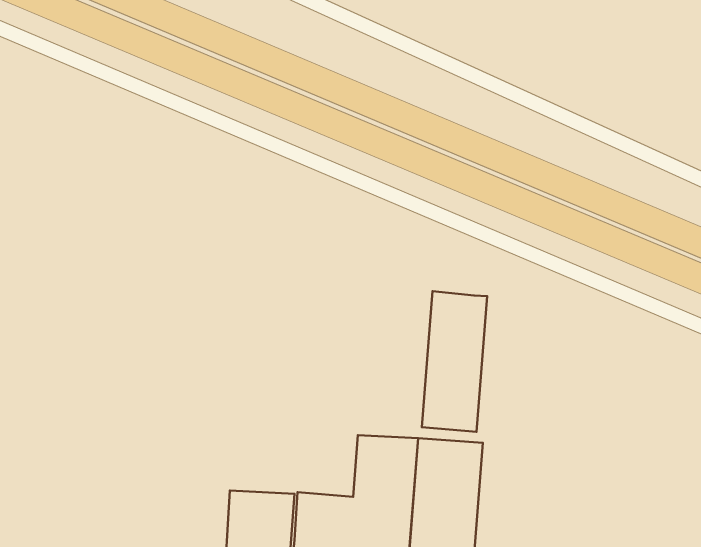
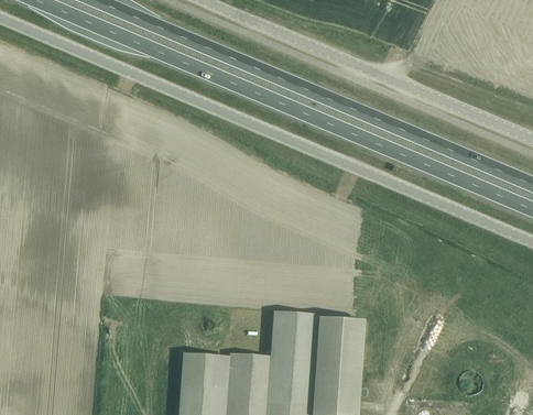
building: [422,291,487,432] -> none

